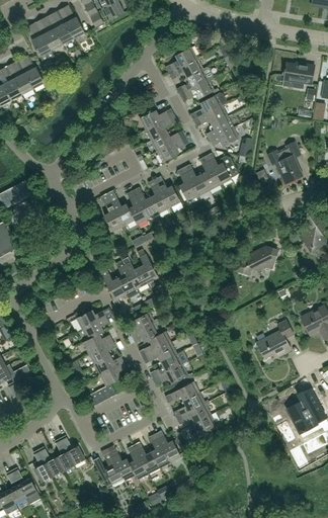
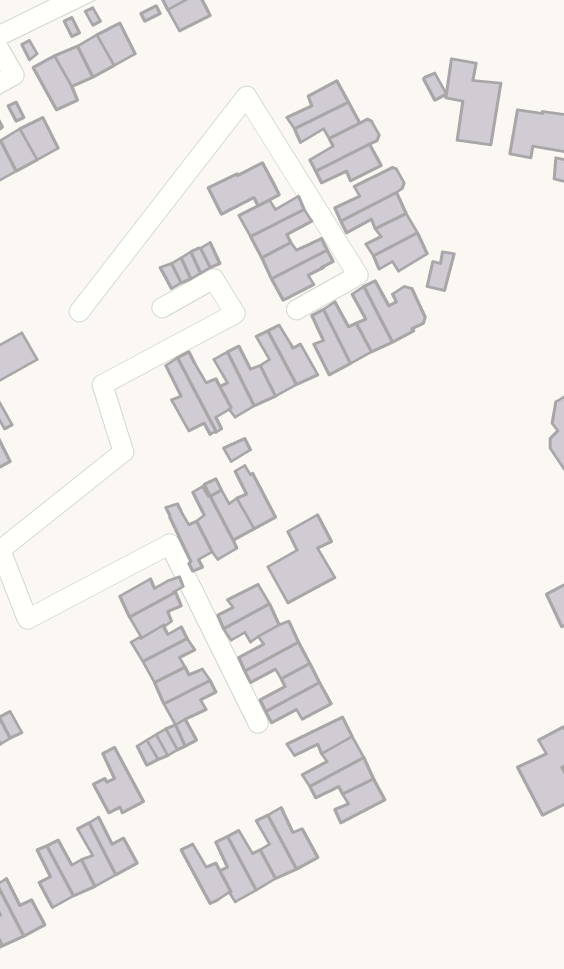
building: none -> [446,59,501,145]
building: none -> [208,163,279,214]
building: [266,141,303,183] -> none
building: [237,246,276,274] -> none
building: none -> [268,515,335,603]
building: [256,320,293,357] -> none
building: [97,451,124,486] -> [93,748,143,813]

